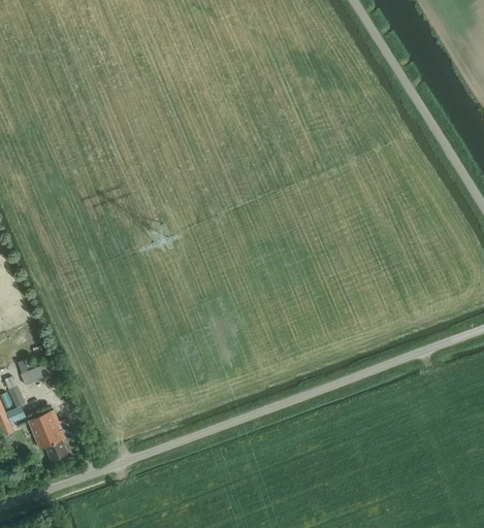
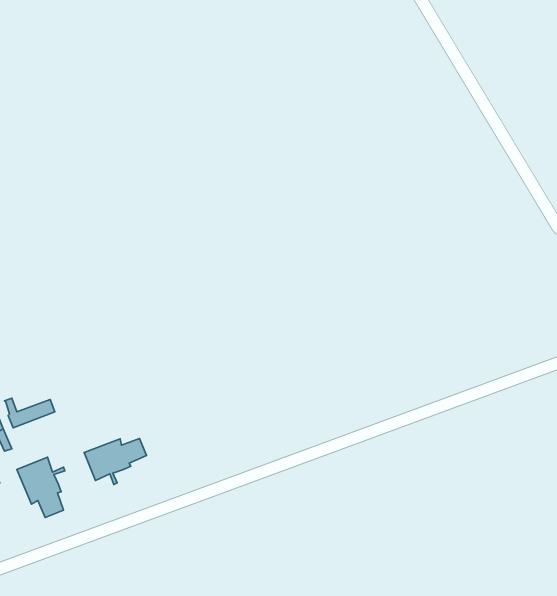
building: none -> [84,439,146,484]

